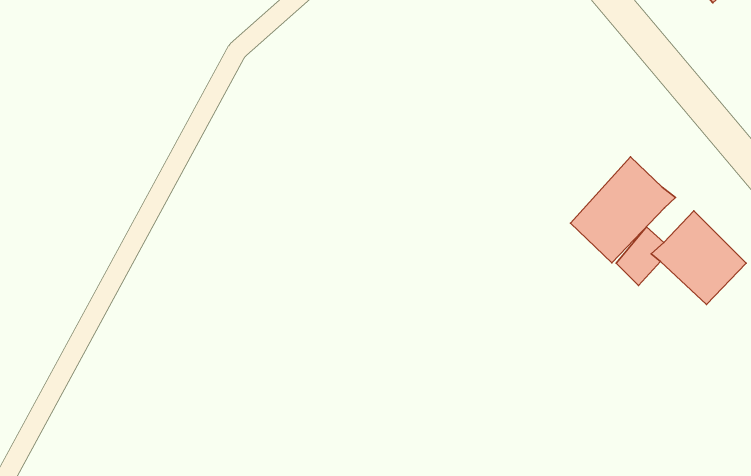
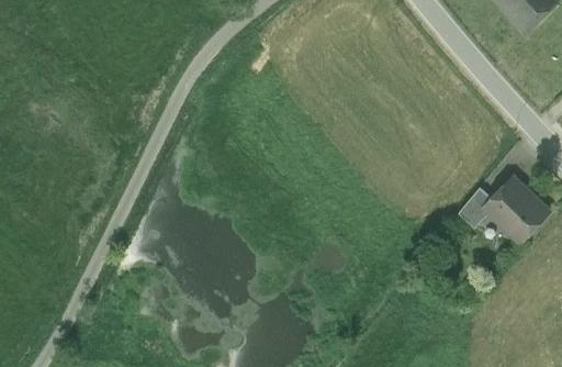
building: [570,157,675,263] -> none

